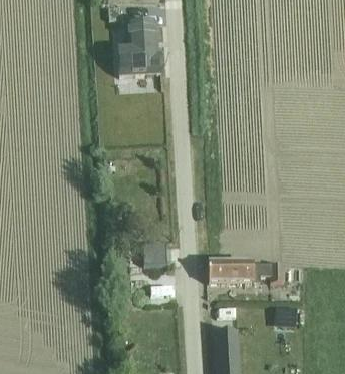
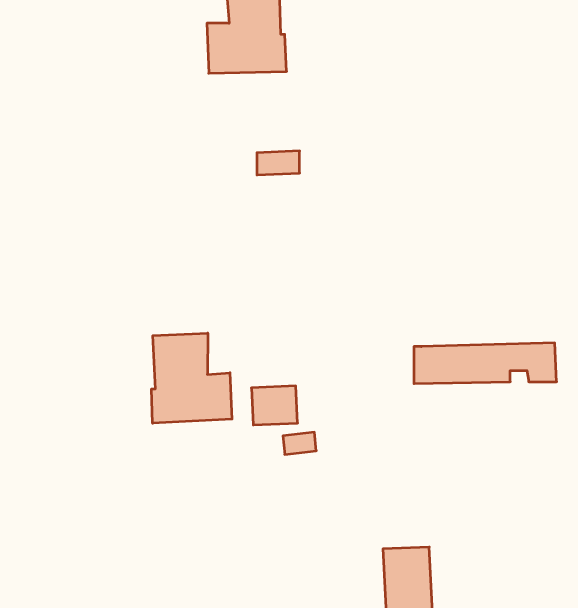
building: none -> [152,333,232,423]
building: [209,260,286,282] -> [414,343,557,384]

